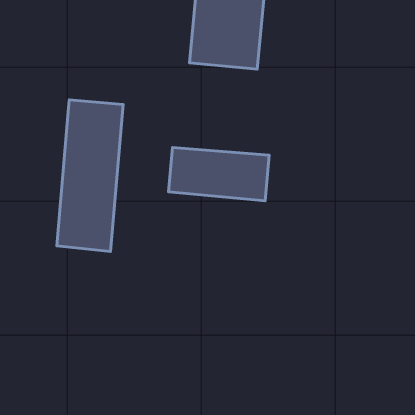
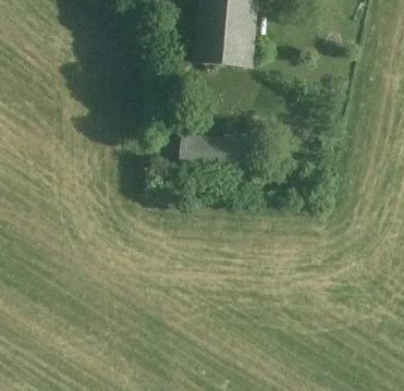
building: [57,100,123,252] -> none

